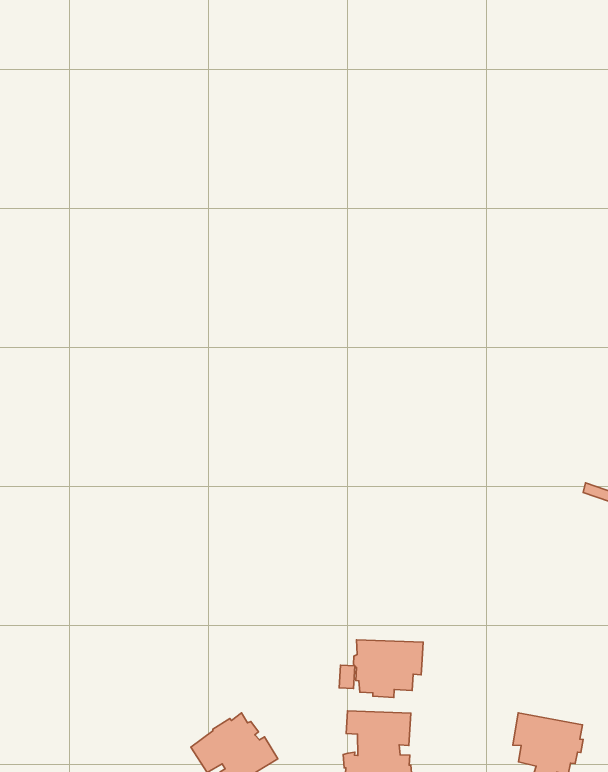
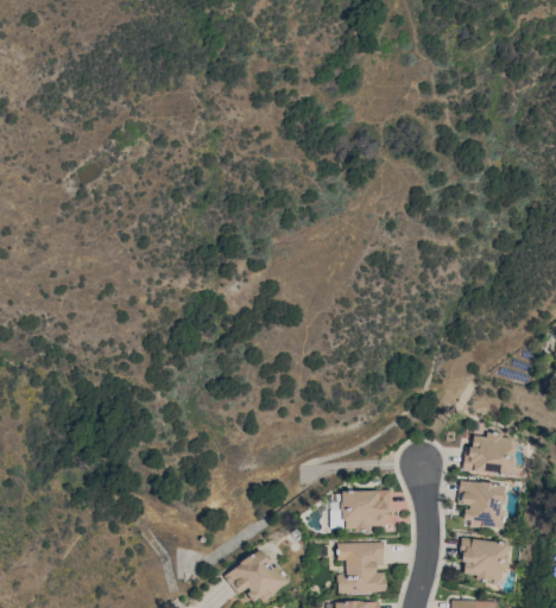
building: none -> [463,432,514,476]
building: none -> [457,481,507,530]

